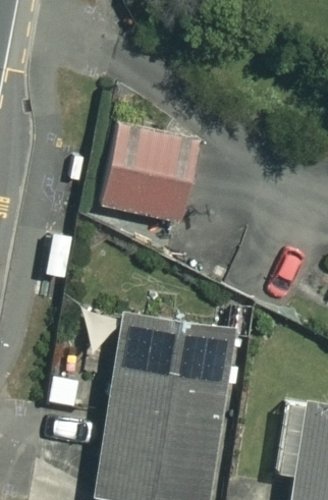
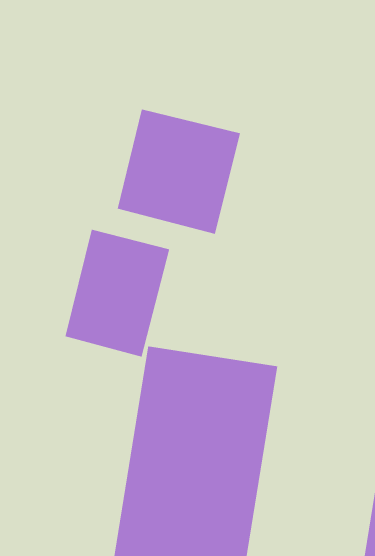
building: none -> [65,229,170,357]

